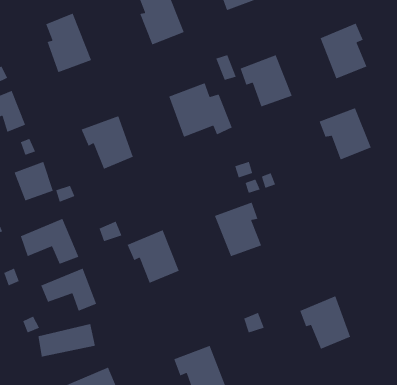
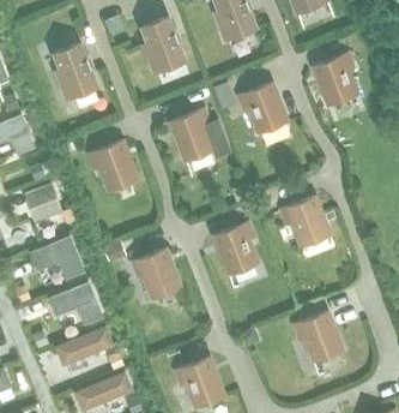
building: [319,107,372,160] -> [280,196,331,246]

